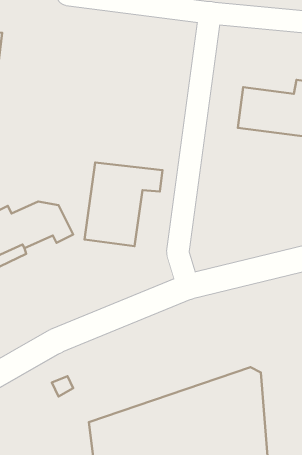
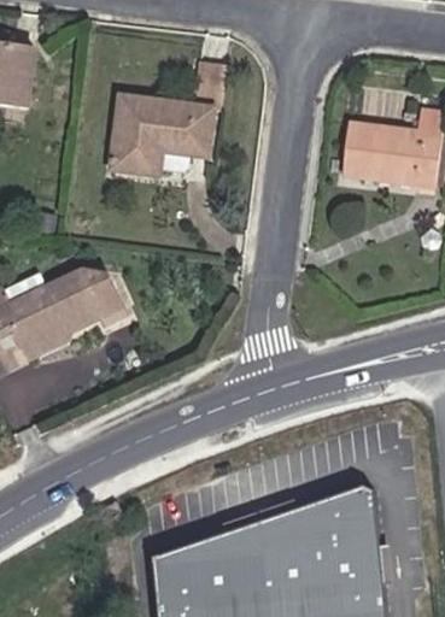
building: none -> [111,65,224,176]
building: [85,162,162,246] -> none

